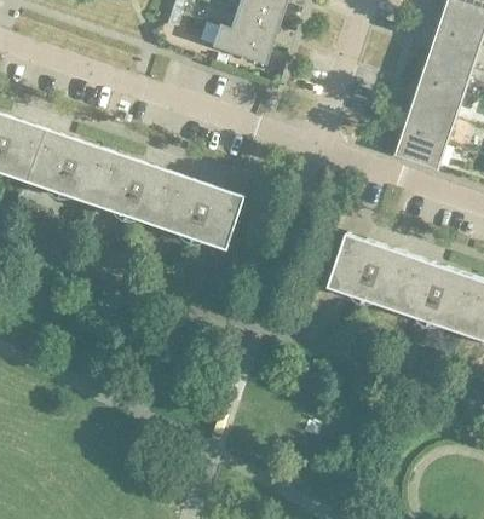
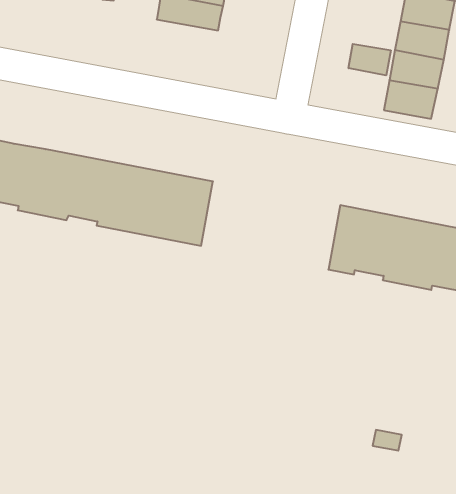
building: none -> [349,44,391,75]

